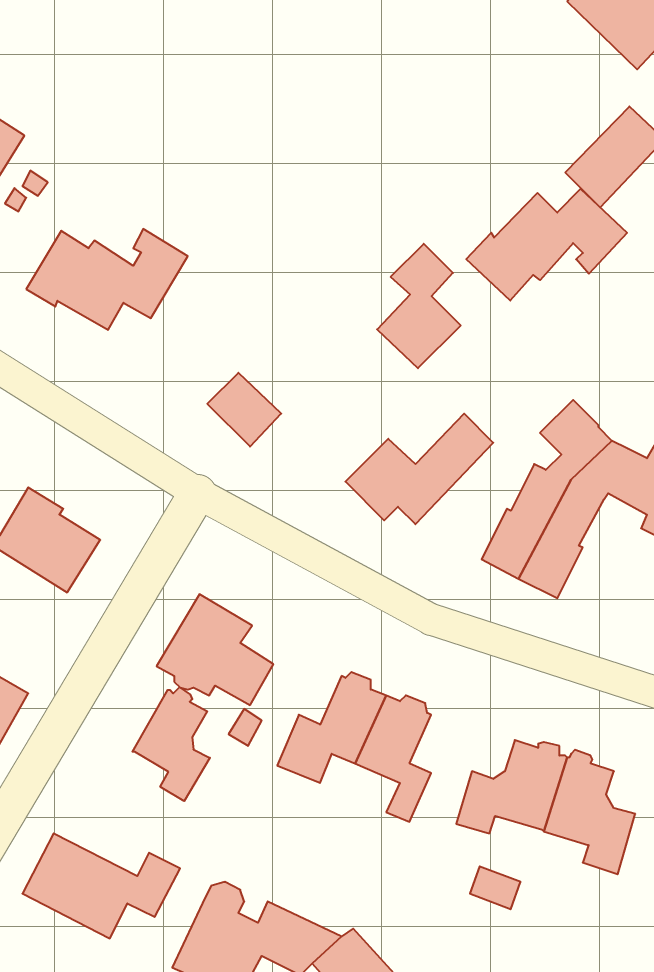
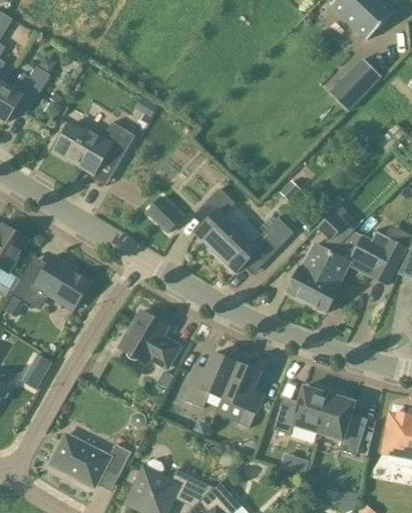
building: [466,189,627,301] -> none
building: [377,244,461,368] -> [195,188,239,252]
building: [132,687,210,801] -> none

